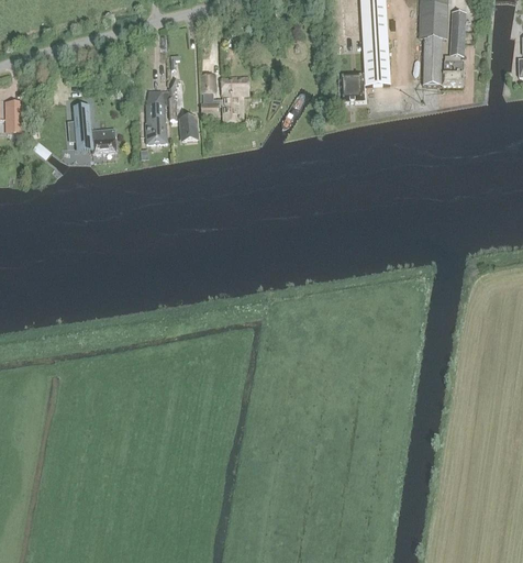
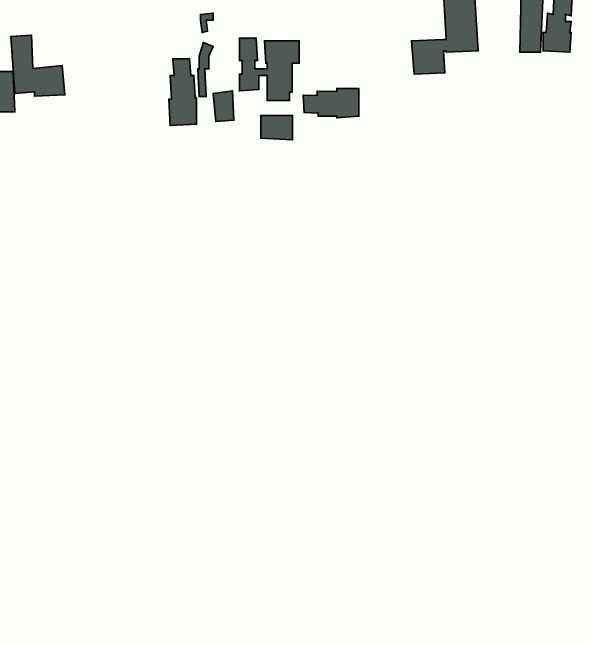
building: [73,102,115,151] -> [11,35,65,96]
building: none -> [303,89,359,118]
building: none -> [261,115,292,140]

